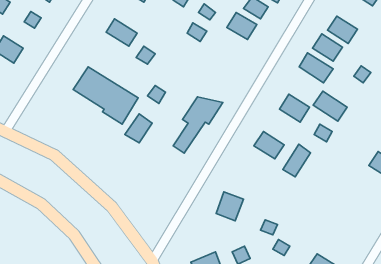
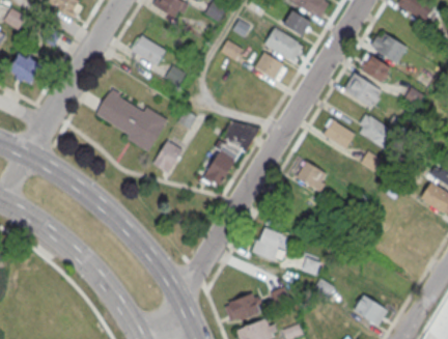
building: none -> [255,52,284,79]
building: [283,144,311,177] -> none

